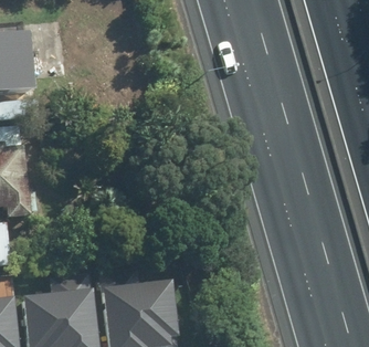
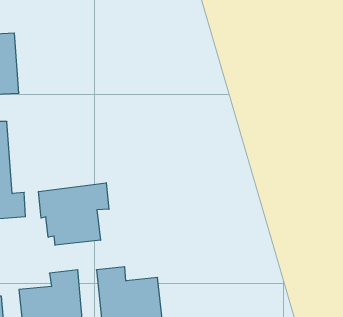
building: none -> [38,183,109,245]

